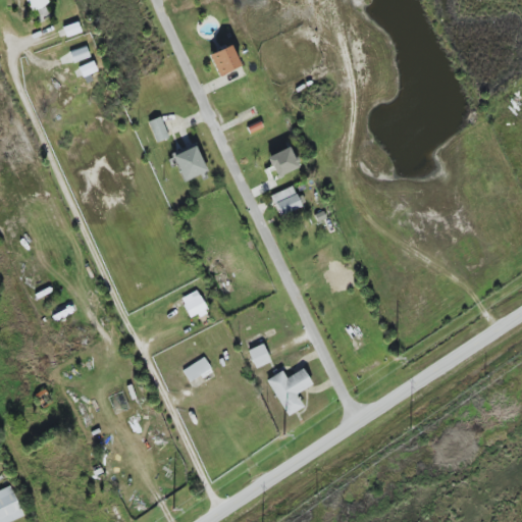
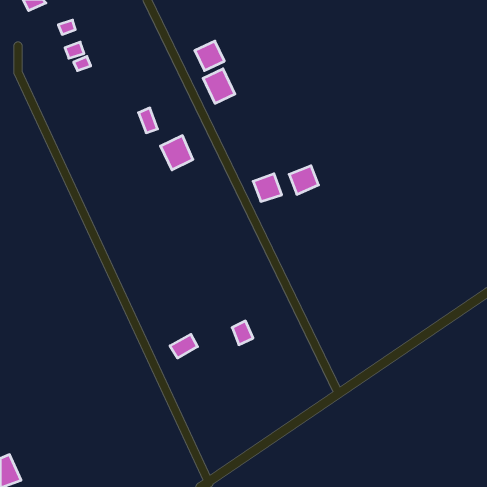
building: none -> [203,69,235,103]
building: [268,146,300,176] -> [289,166,319,194]
building: [181,290,207,316] -> none
building: [266,368,312,416] -> none

